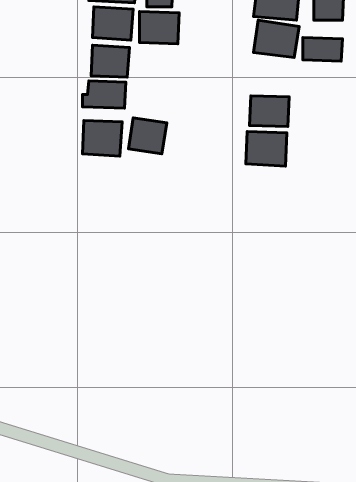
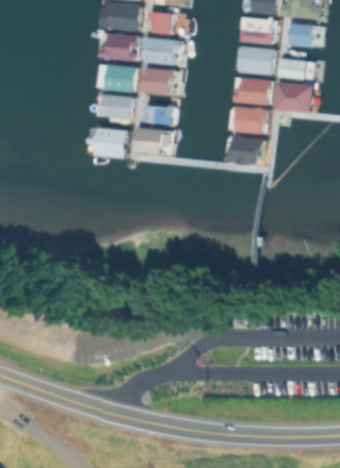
building: none -> [139,67,171,94]
building: none -> [236,76,271,105]
building: none -> [275,82,313,111]

